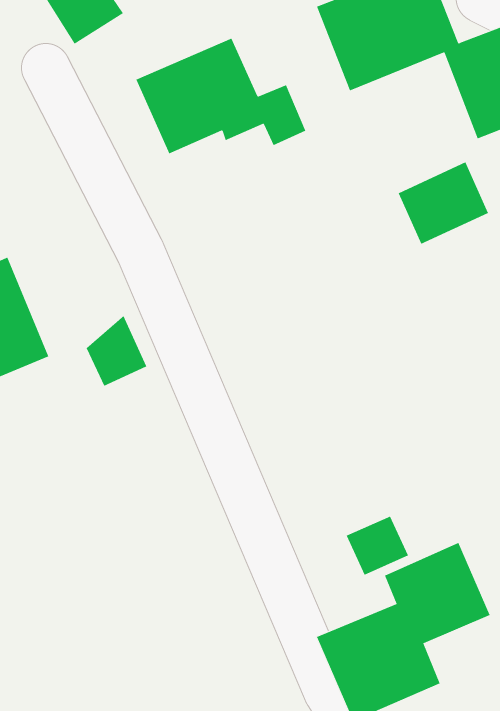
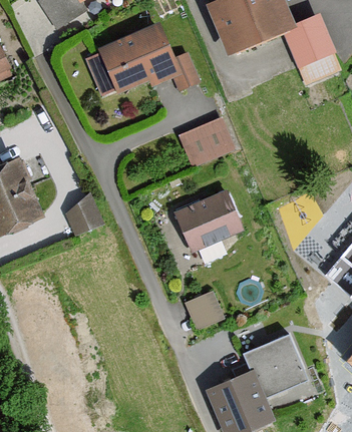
building: [398,162,489,245] -> [180,116,235,166]
building: none -> [175,190,241,250]
building: [346,516,409,575] -> [186,290,224,326]

